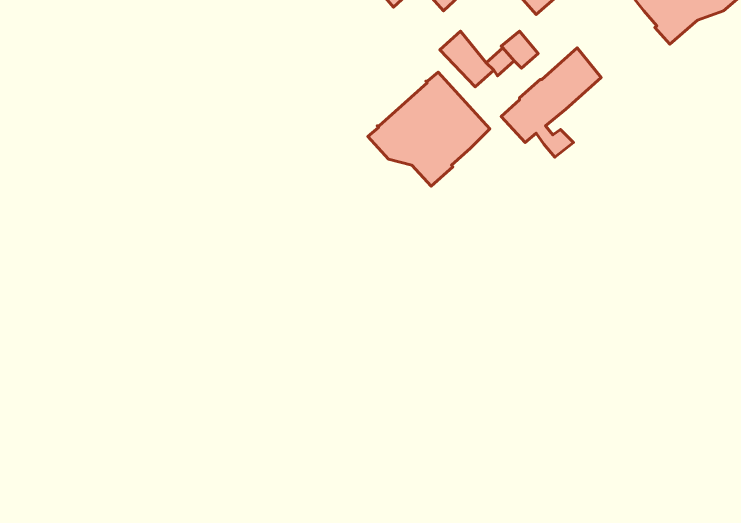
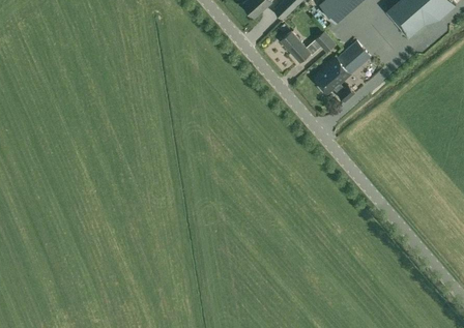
building: [368,72,490,186] -> none

